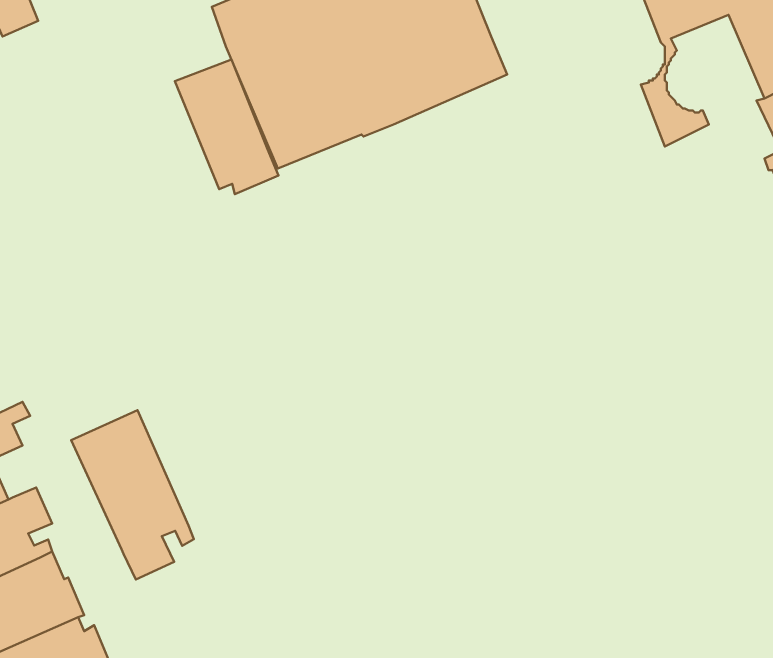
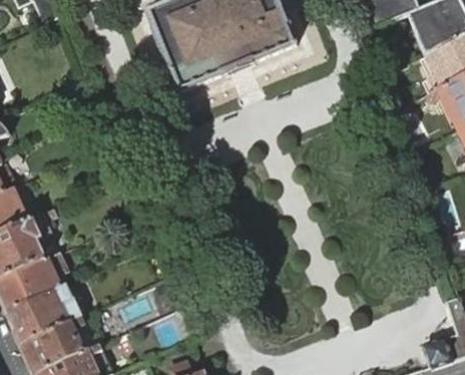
building: [175,60,279,194] -> none
building: [71,410,194,579] -> none

